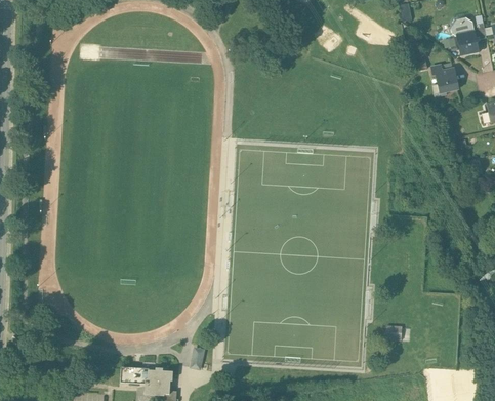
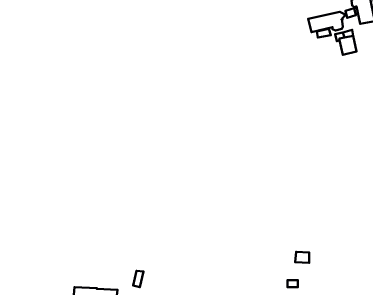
building: none -> [308,12,346,32]

